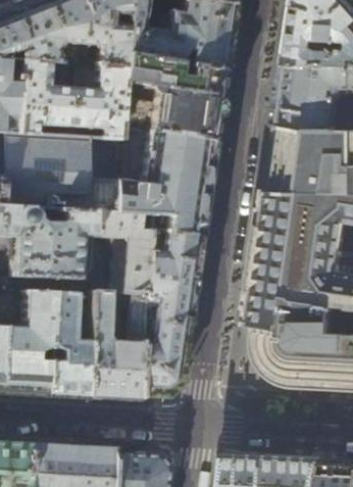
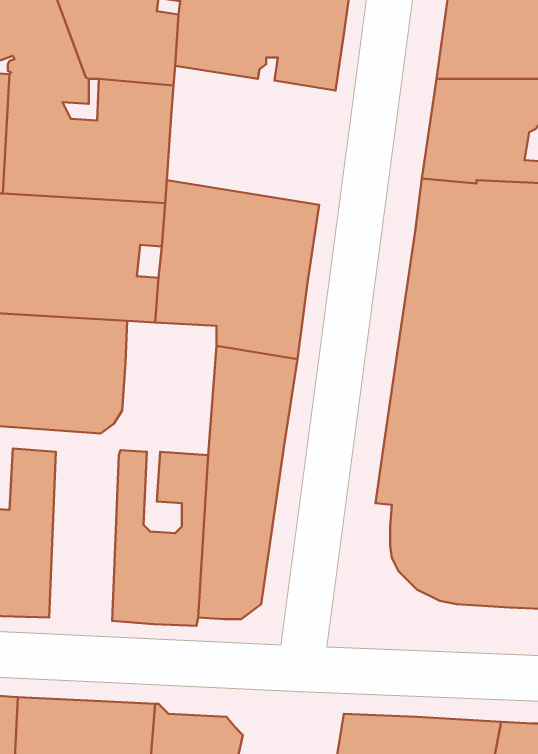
building: [122,55,226,141] -> none
building: [97,212,153,295] -> none
building: [50,293,93,397] -> none

